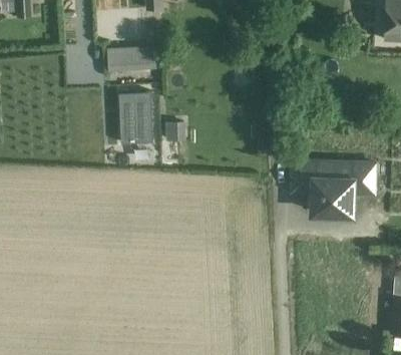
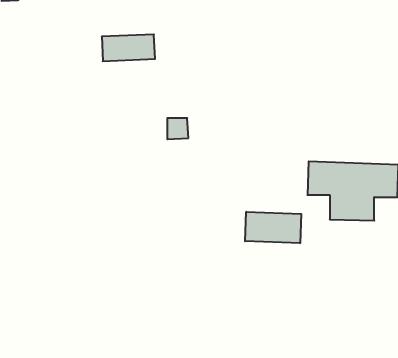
building: [119,92,152,142] -> none
building: none -> [245,212,301,243]

